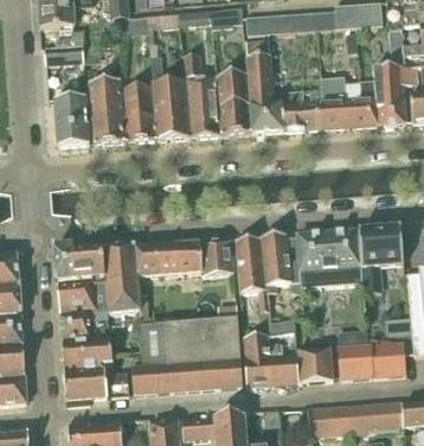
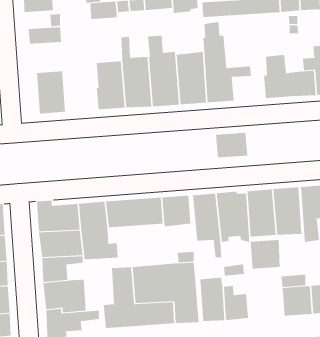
building: [90,78,126,142] -> none
building: [281,100,319,129] -> [215,132,248,158]
building: [297,346,333,381] -> [250,240,281,269]

